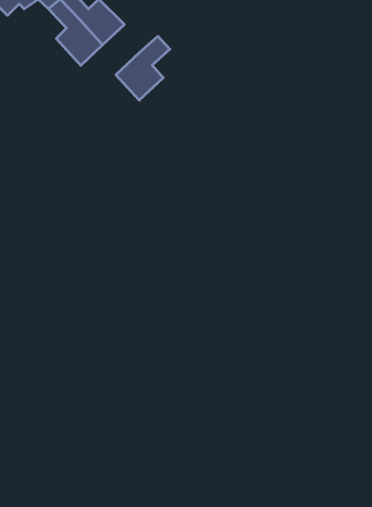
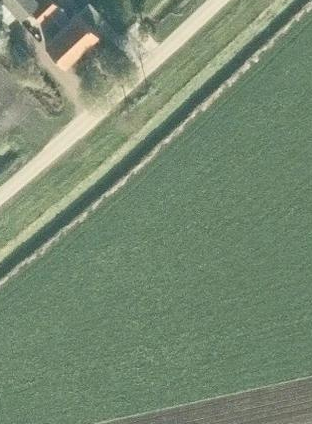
building: [116,36,170,100] -> none

